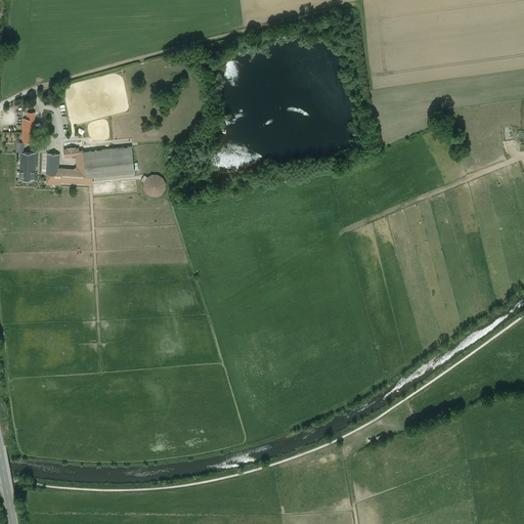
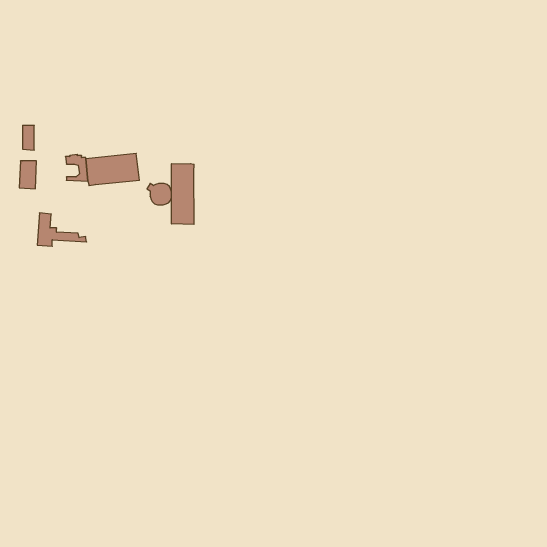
building: [45,155,92,186] -> [37,213,87,246]
building: none -> [172,164,194,224]

